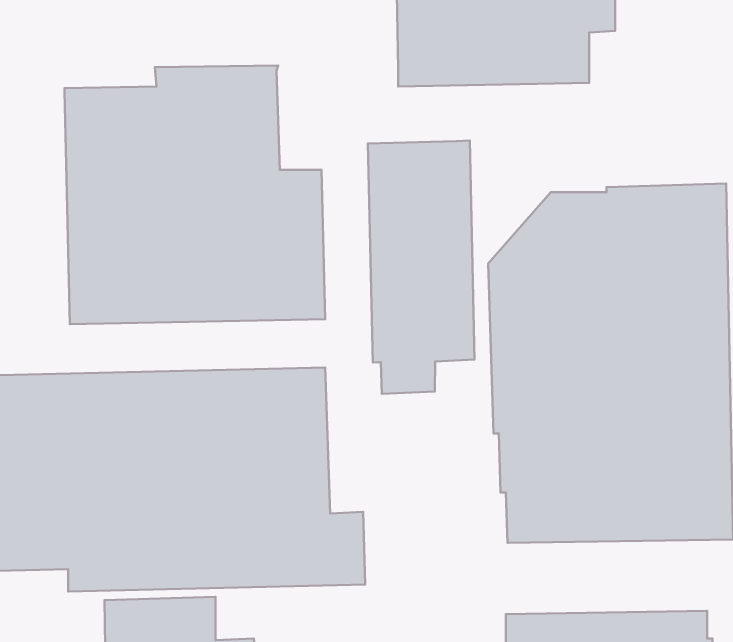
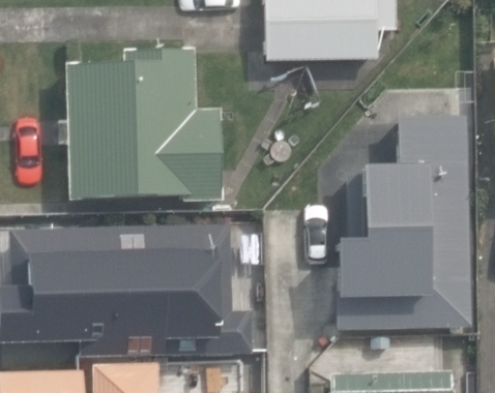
building: [368,141,475,394] -> none

